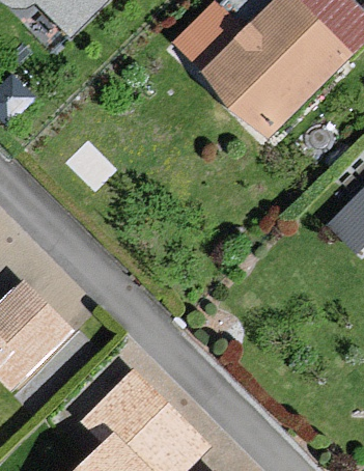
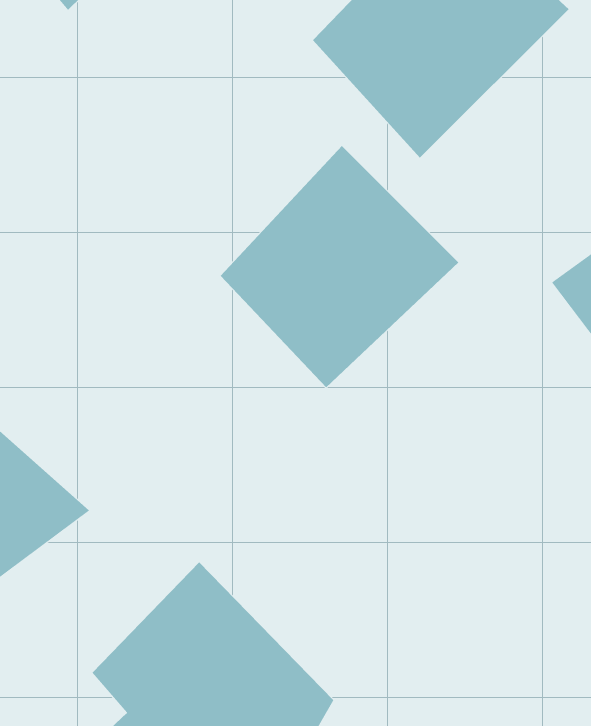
building: none -> [220,145,459,388]

